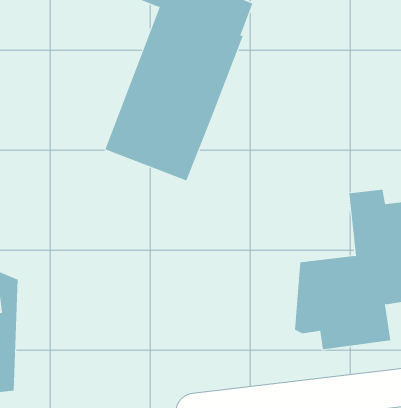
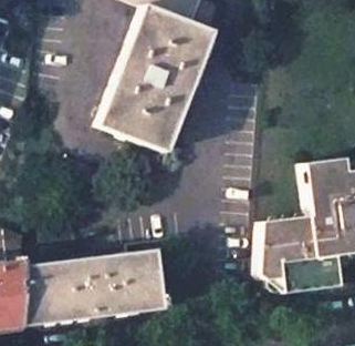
building: none -> [23,250,167,328]

